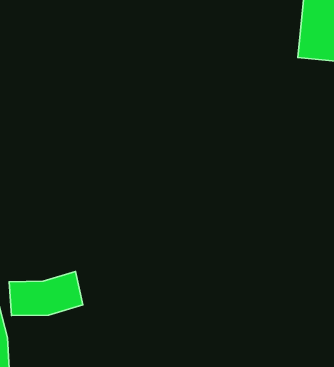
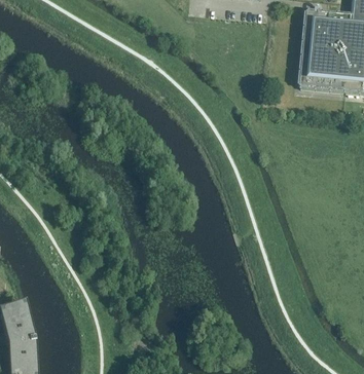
building: [9,272,83,316] -> none

